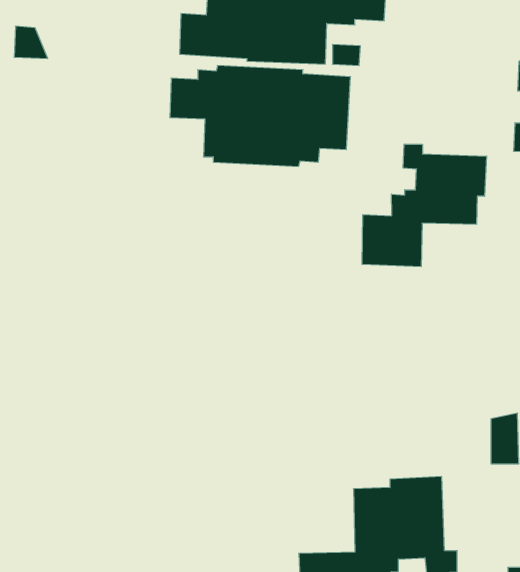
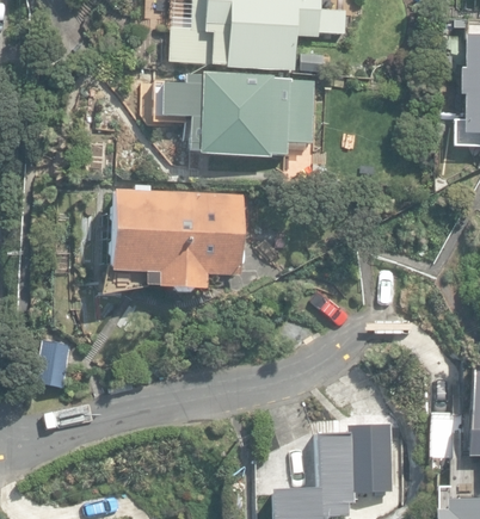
building: [362,144,487,267] -> none
building: none -> [111,184,247,288]

